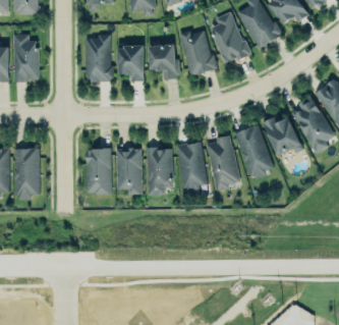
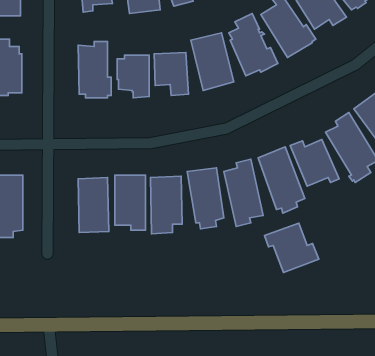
building: none -> [264,223,319,273]

